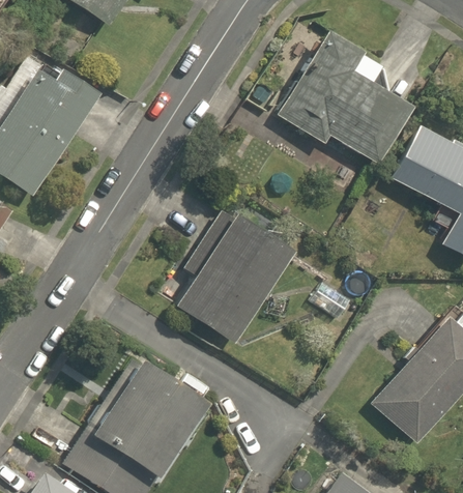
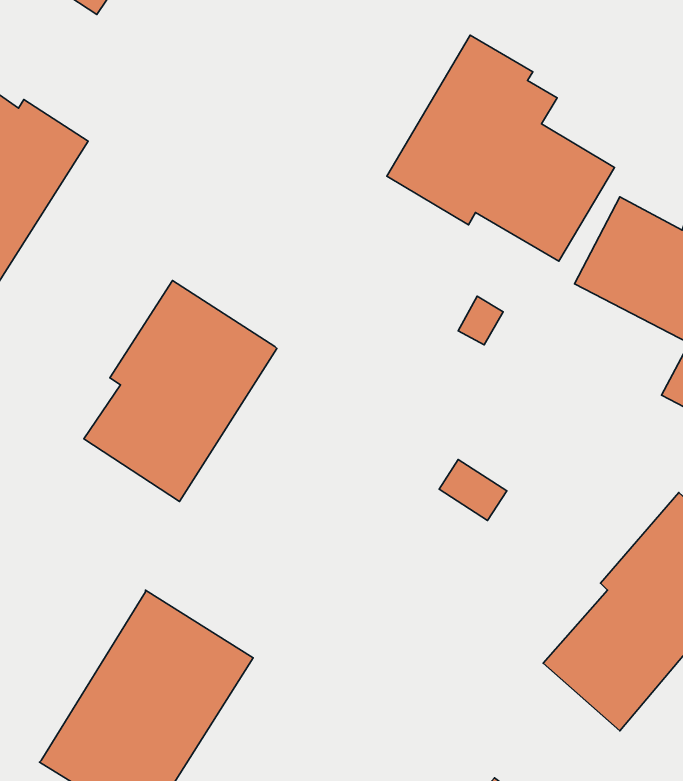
building: [173,211,288,343] -> [84,281,277,501]

